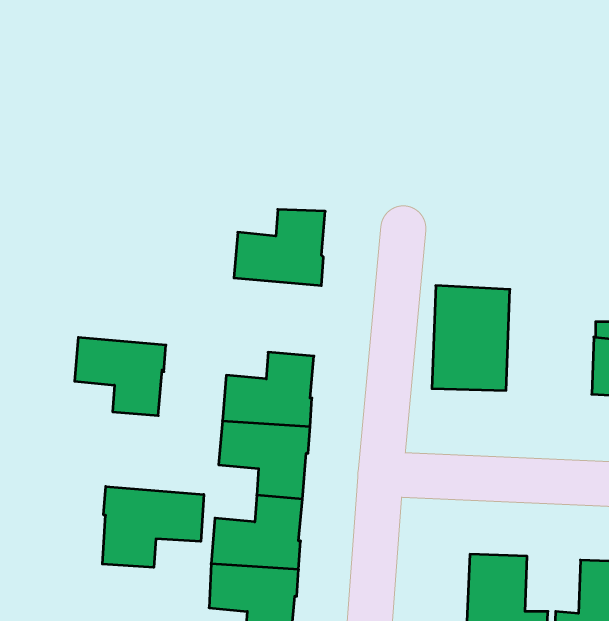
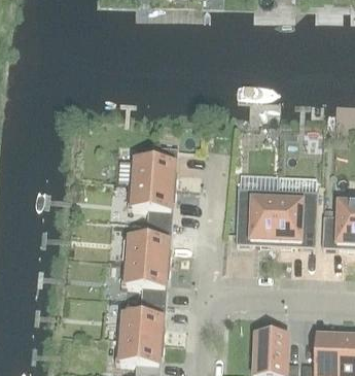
building: none -> [276,189,317,245]
building: [75,337,166,416] -> [127,182,176,225]
building: [102,486,204,567] -> none

